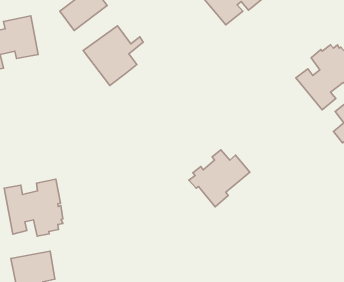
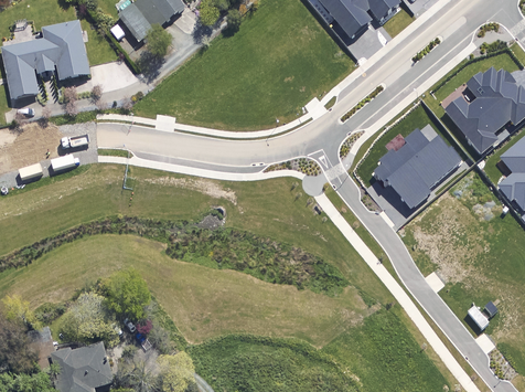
building: [83,26,143,86] -> none
building: [189,150,250,207] -> [374,127,458,205]
building: [4,179,63,236] -> none

